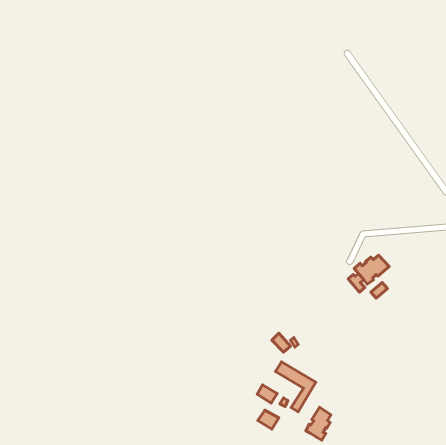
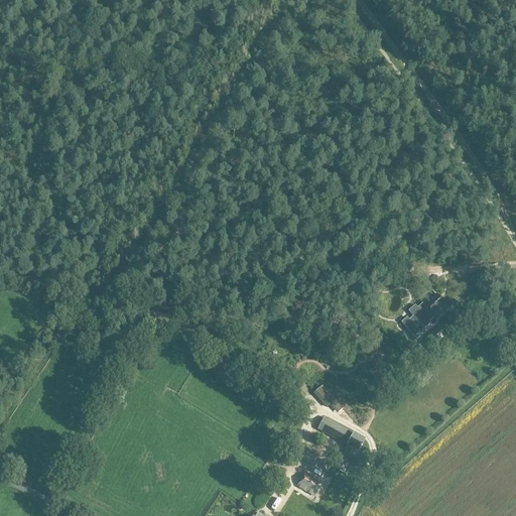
building: [306,407,331,440] -> none

